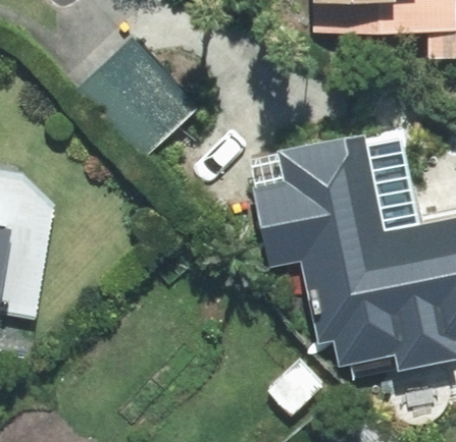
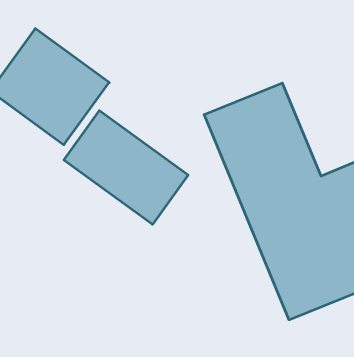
building: none -> [64,111,188,224]

